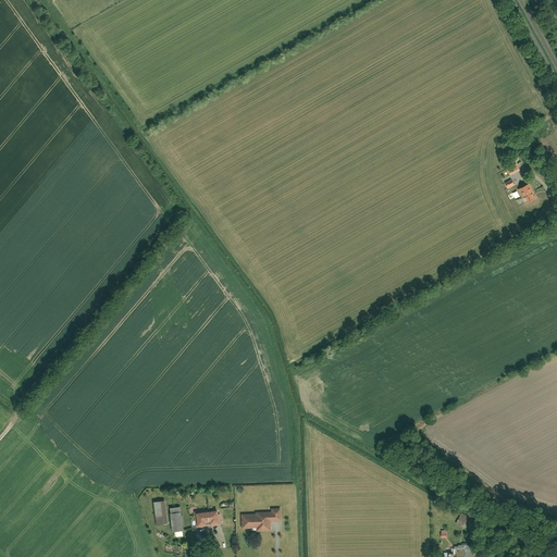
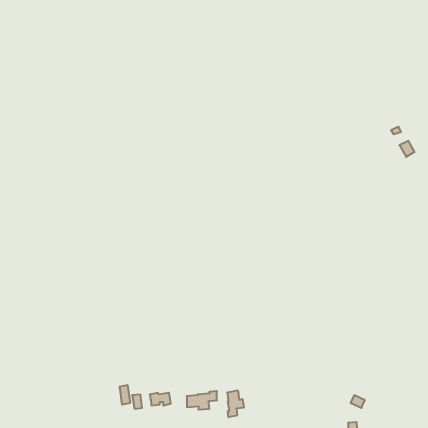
building: none -> [227,390,244,417]

